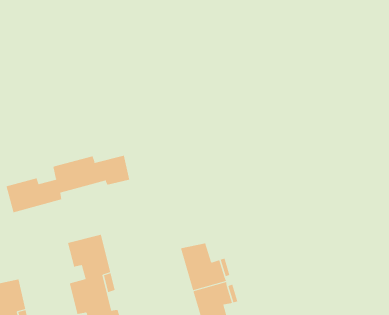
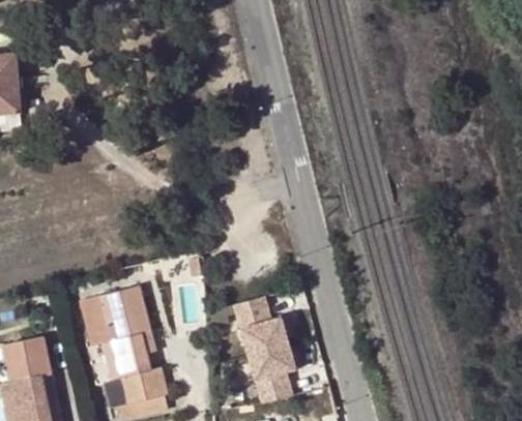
building: [6,155,130,213] -> none
building: none -> [79,296,120,347]

